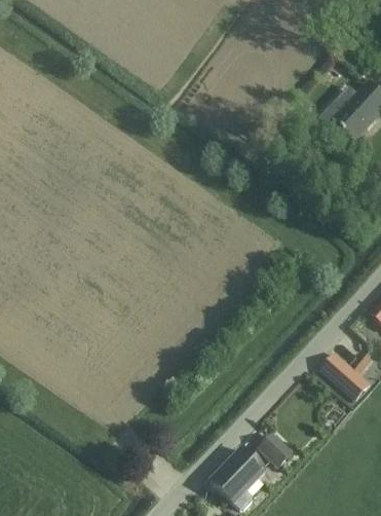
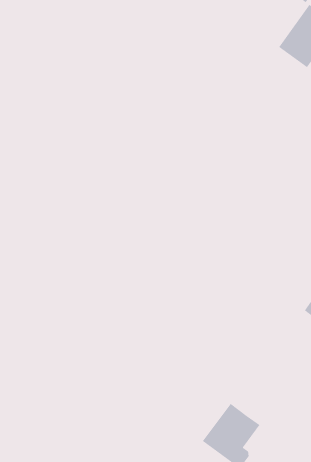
building: [258,433,291,466] -> none

